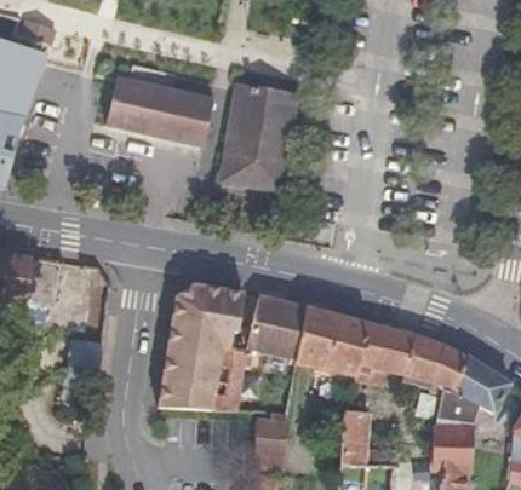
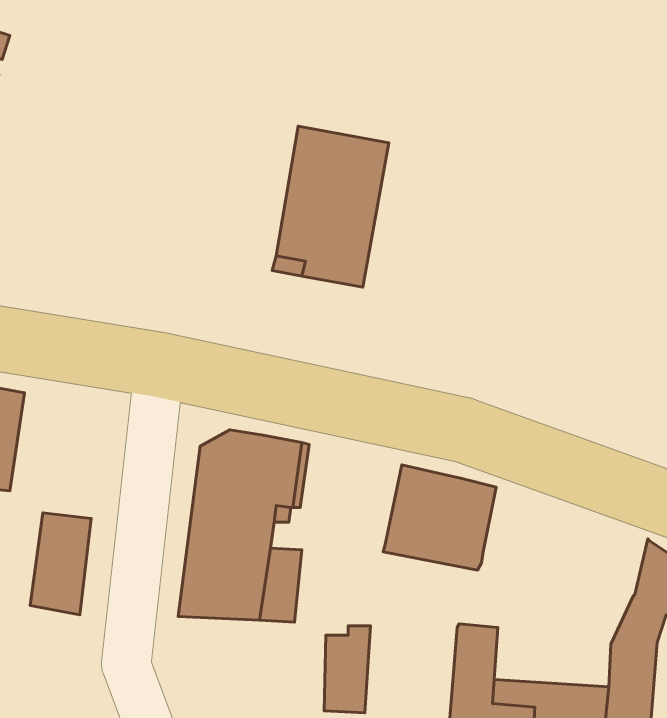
building: [108,79,213,144] -> none
building: [248,296,307,359] -> none
building: [360,322,468,393] -> none

